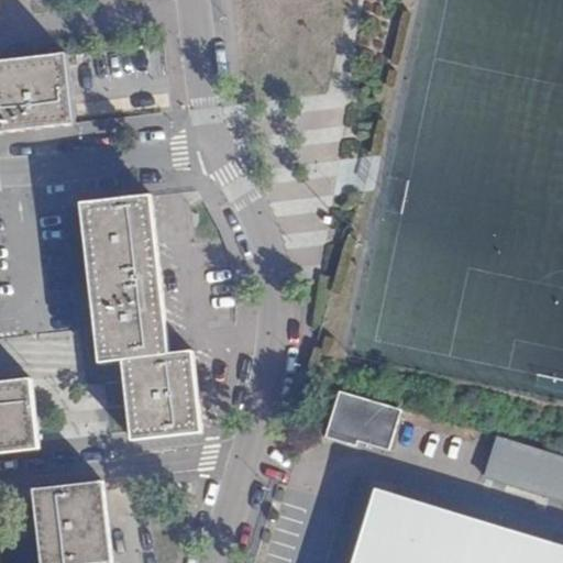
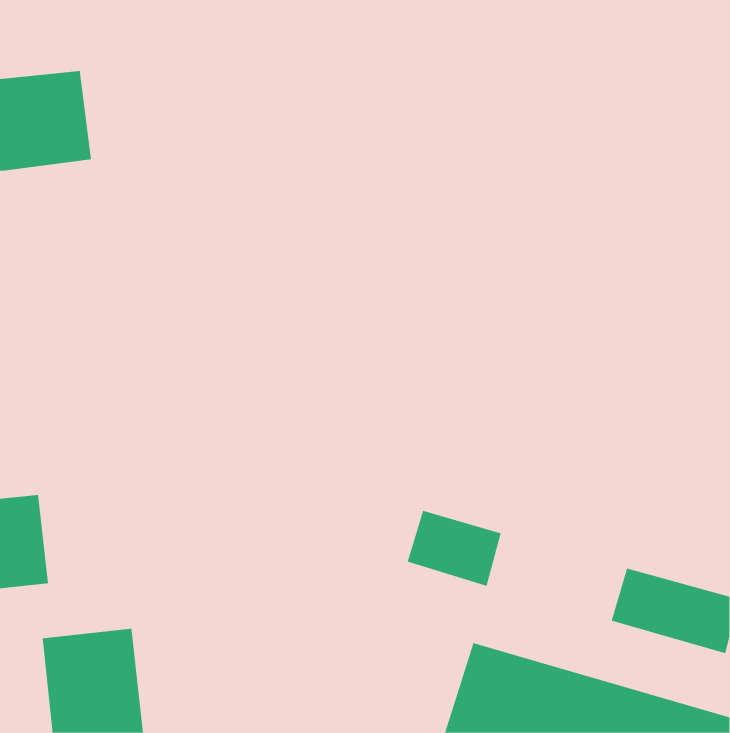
building: [79,194,199,440] -> none

